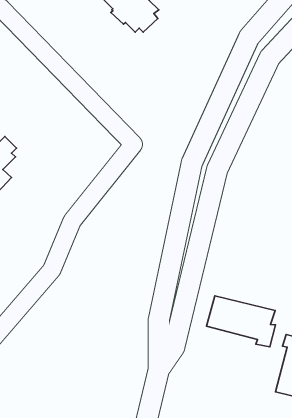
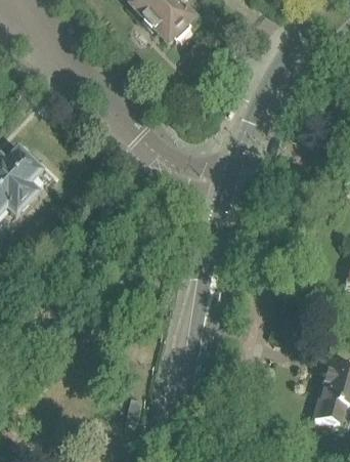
building: [206,296,275,347] -> none

